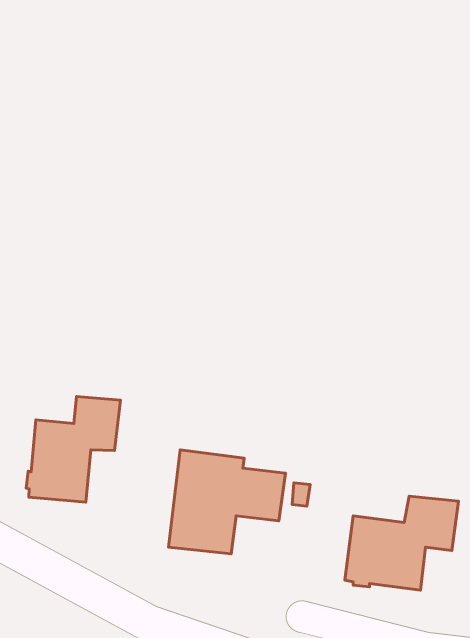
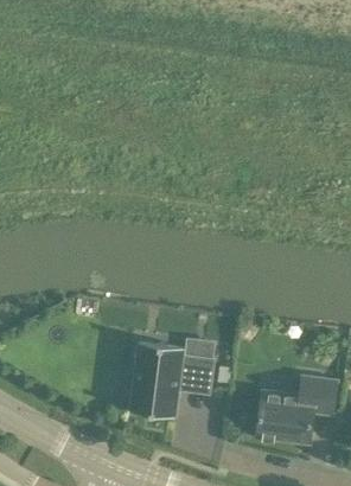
building: [26,397,120,502] -> none

